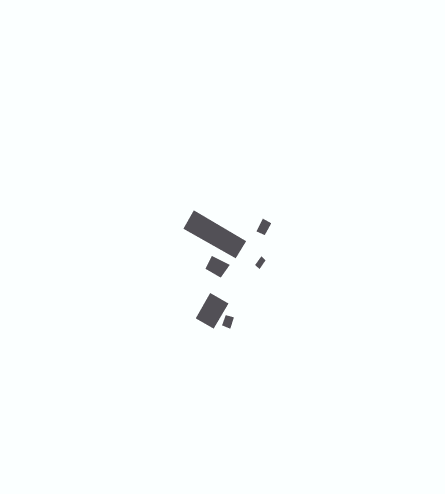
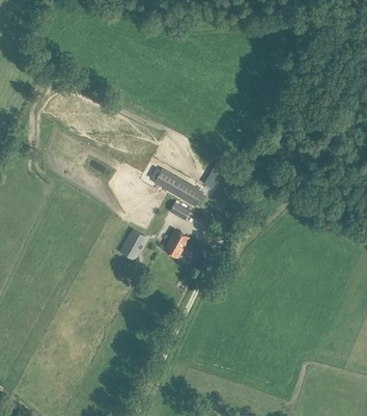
building: none -> [120,229,147,259]

